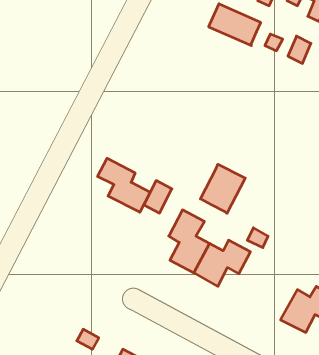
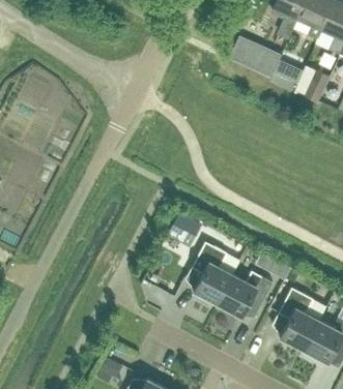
building: [98,158,150,212] -> none
building: [200,164,245,213] -> none
building: none -> [279,288,320,350]

